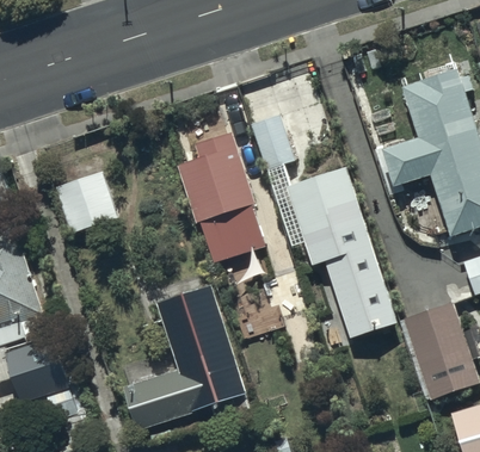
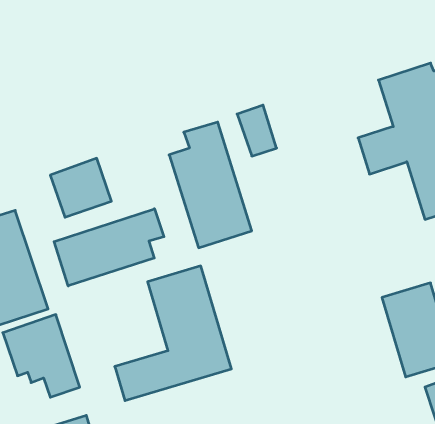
building: [285,166,395,336] -> none
building: none -> [54,209,164,286]

